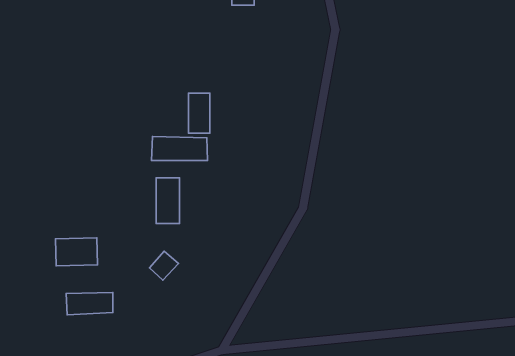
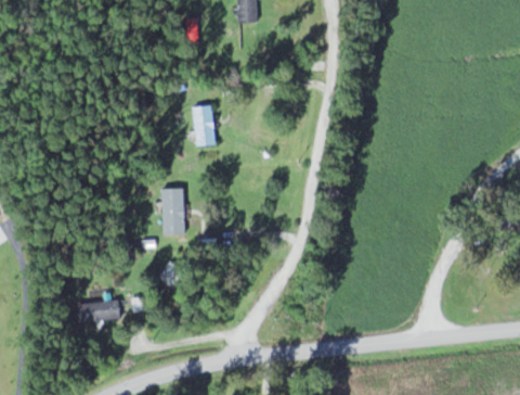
building: [152,137,208,160] -> none
building: [56,238,97,266] -> none

